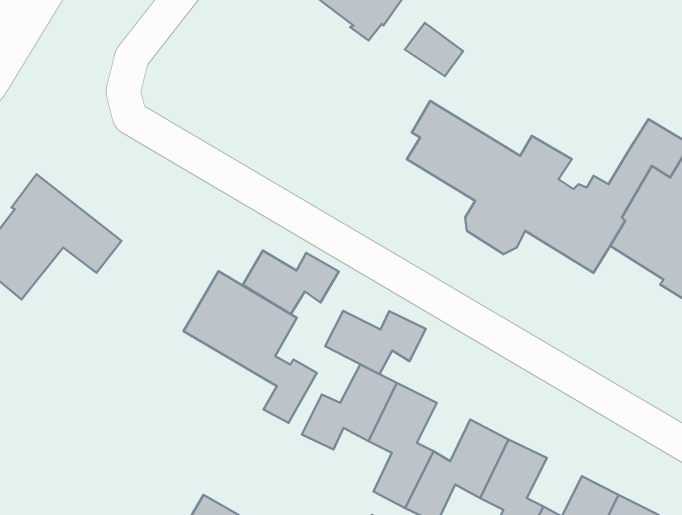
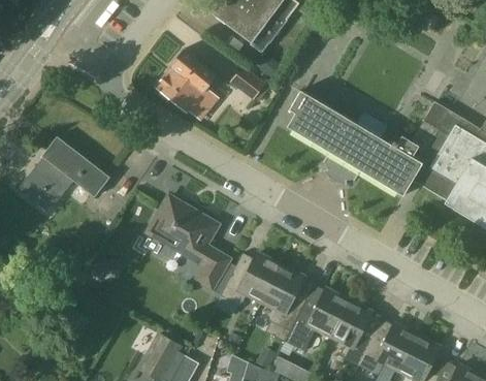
building: [405,23,463,76] -> [230,68,266,101]
building: none -> [158,47,218,118]
building: [243,251,339,314] -> none
building: [325,311,426,374] -> none

